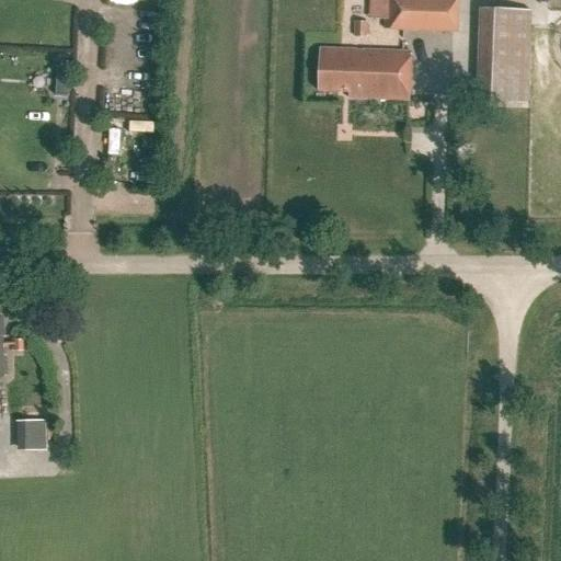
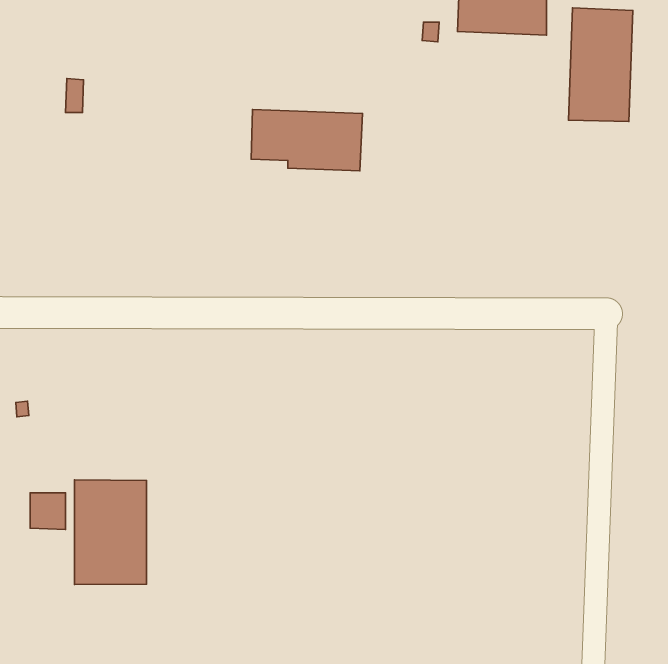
building: [318,47,411,99] -> [251,109,362,171]
building: none -> [74,480,146,585]

